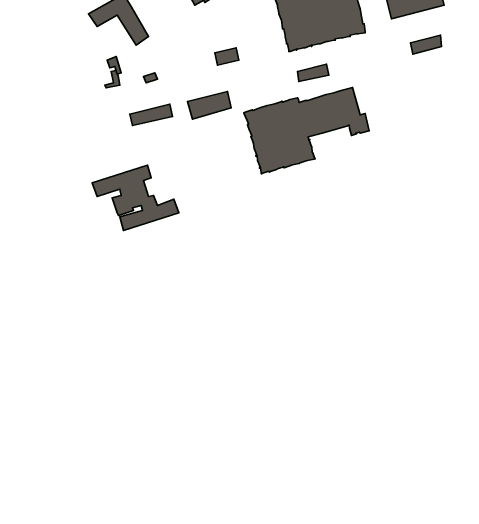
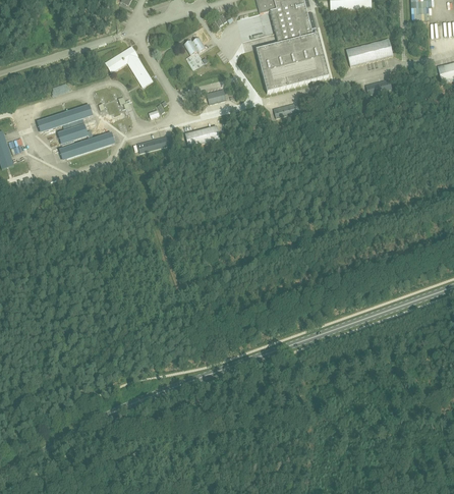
building: [244,88,369,174] -> none
building: [92,165,179,230] -> [41,105,111,158]

